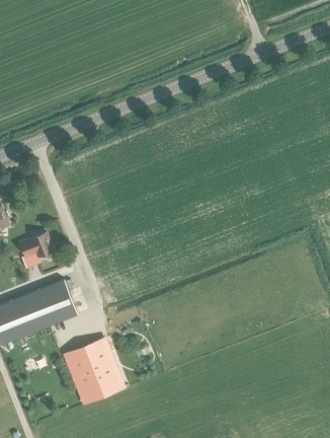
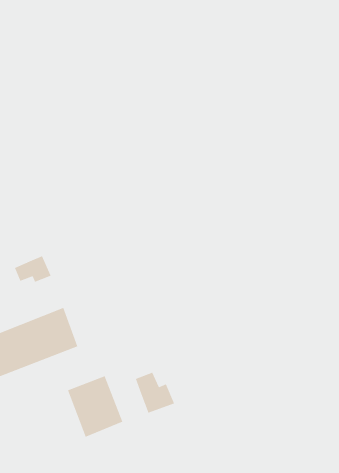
building: none -> [135,372,175,414]

